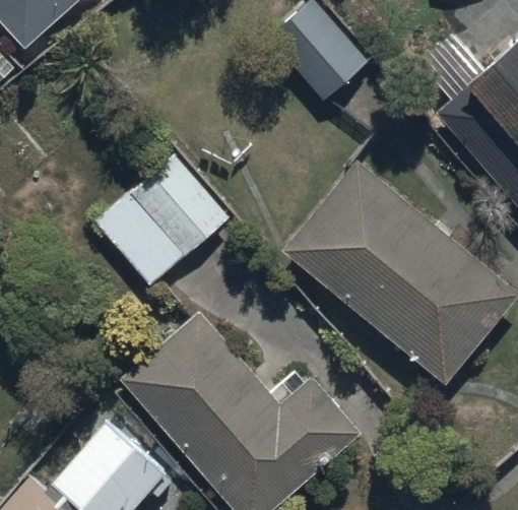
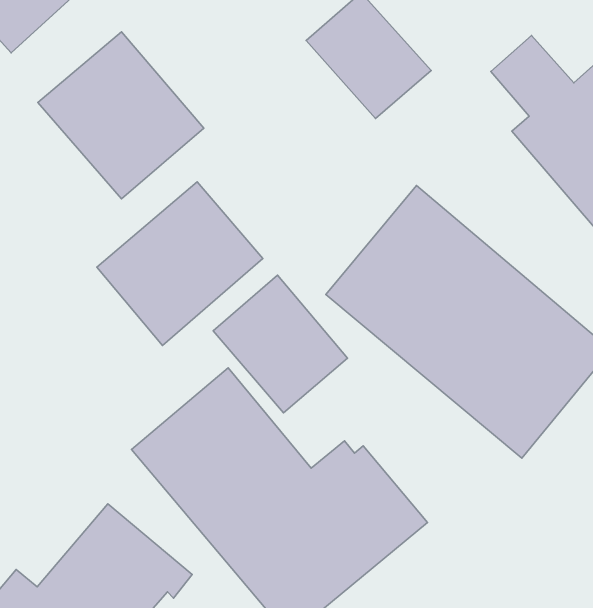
building: none -> [38,32,204,199]
building: none -> [213,275,348,413]

